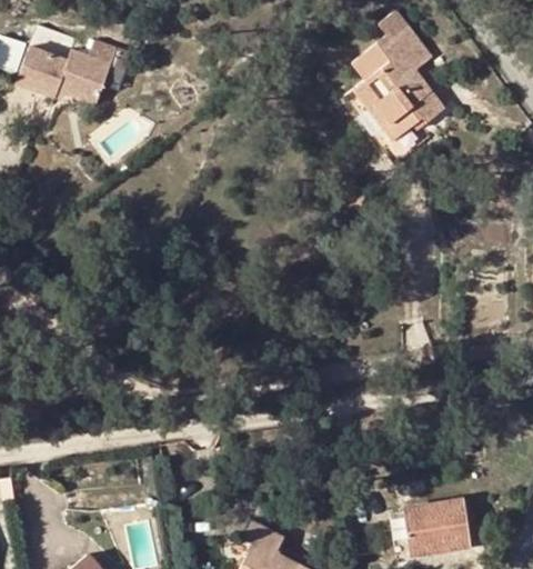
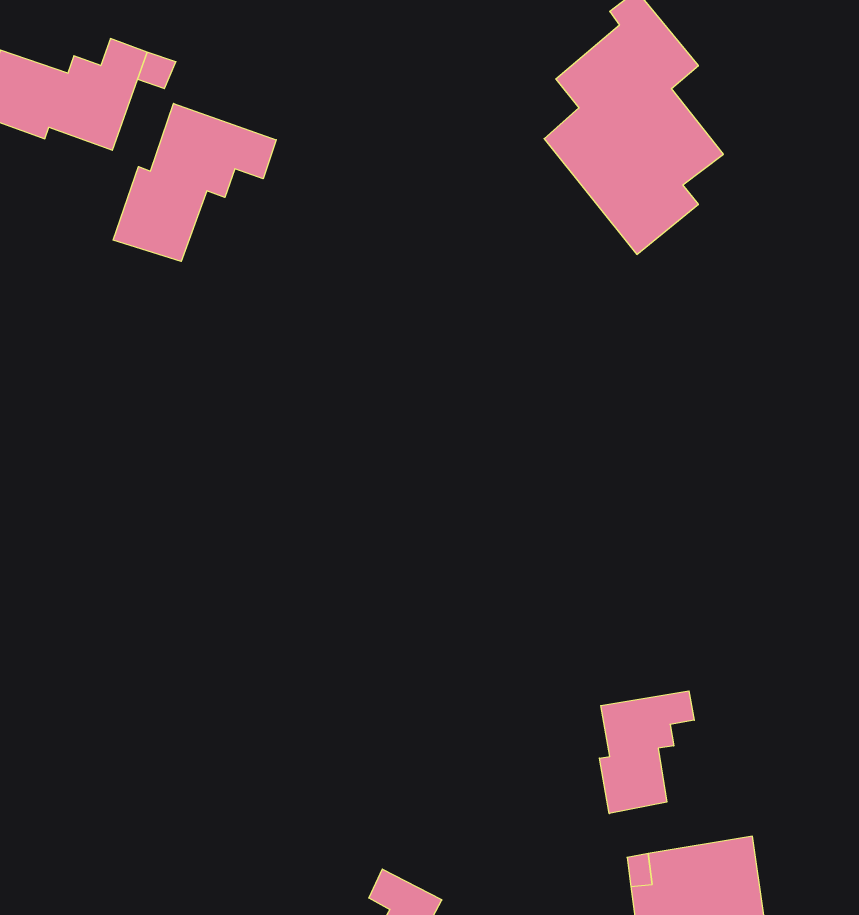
building: none -> [113,103,276,261]
building: none -> [599,691,694,814]

